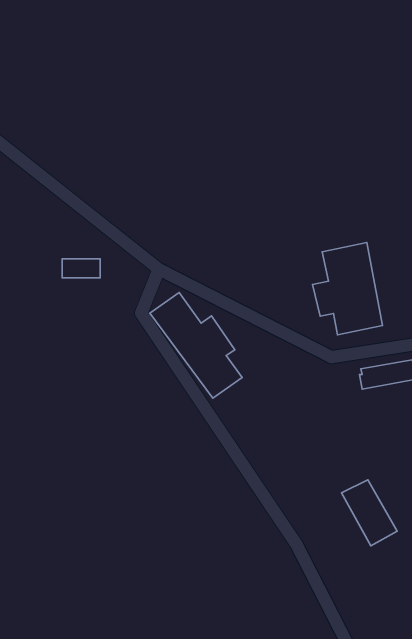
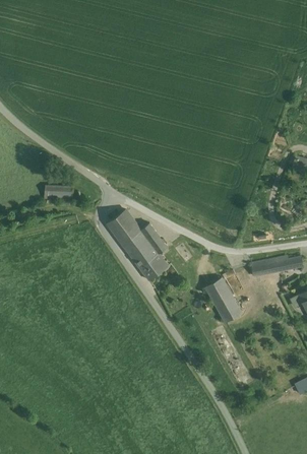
building: [313,243,383,335] -> none
building: [341,480,397,546] -> [204,278,243,324]

